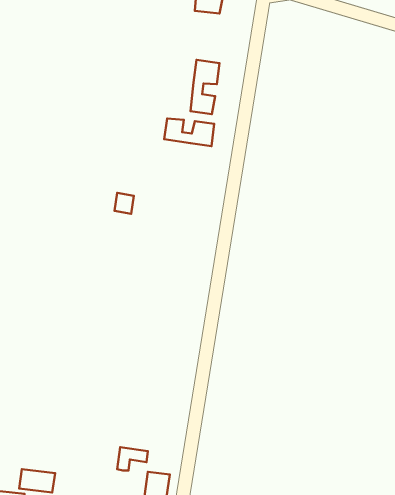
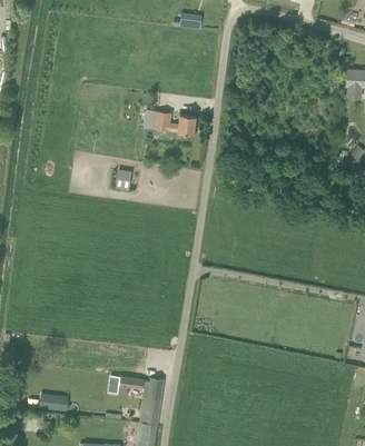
building: [190,60,219,114] -> none

